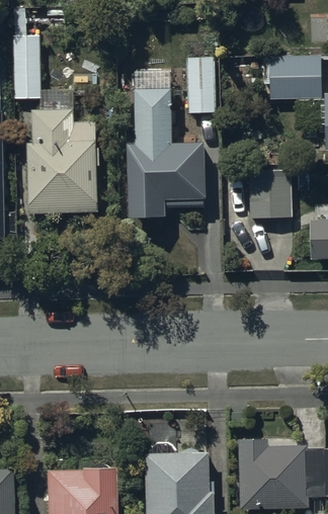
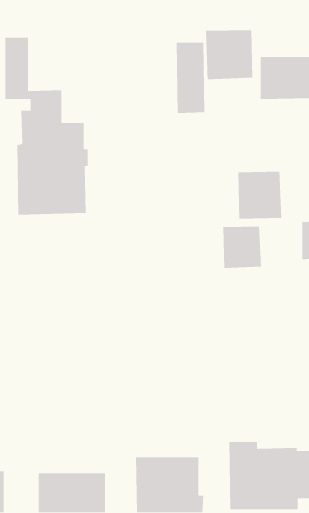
building: none -> [205,29,253,80]
building: [127,72,204,220] -> none
building: none -> [222,226,262,269]

